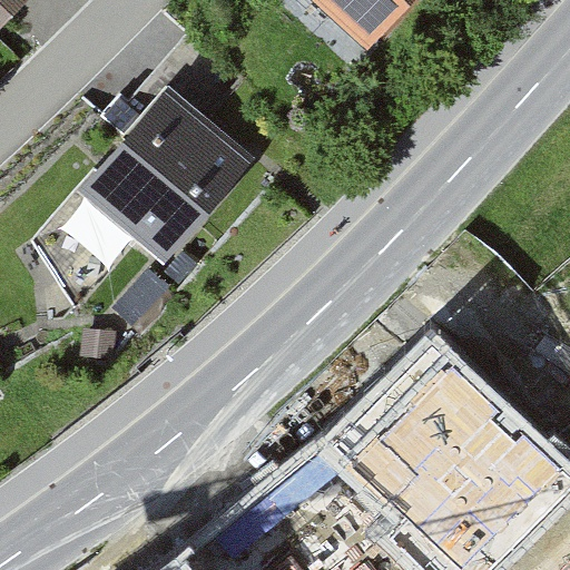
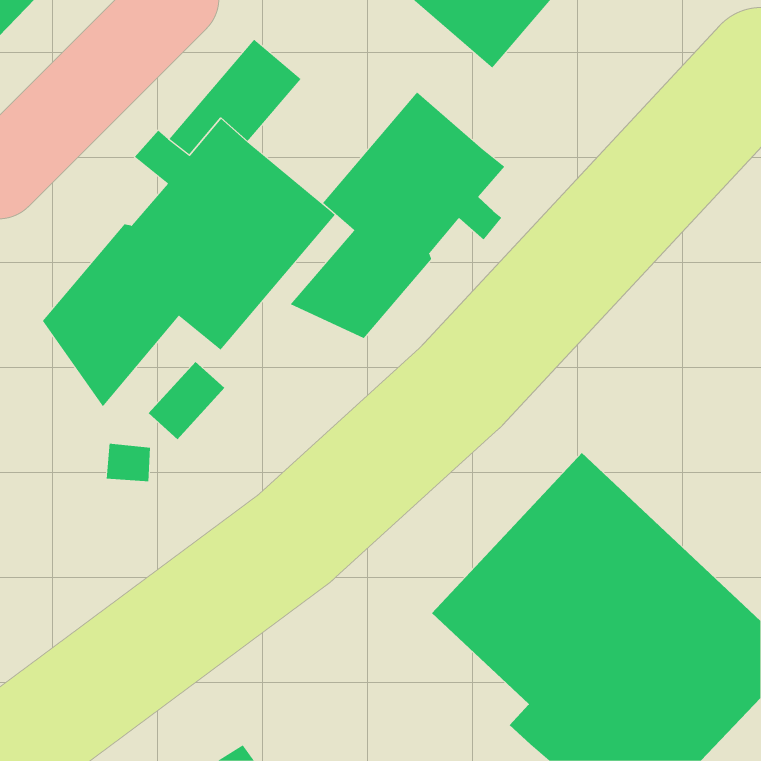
building: none -> [290,91,505,339]

